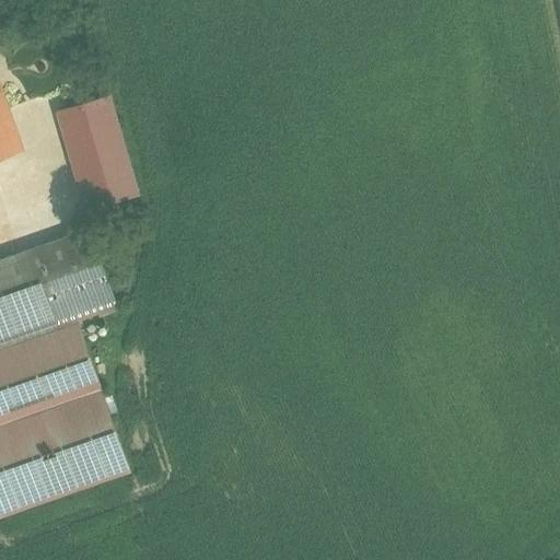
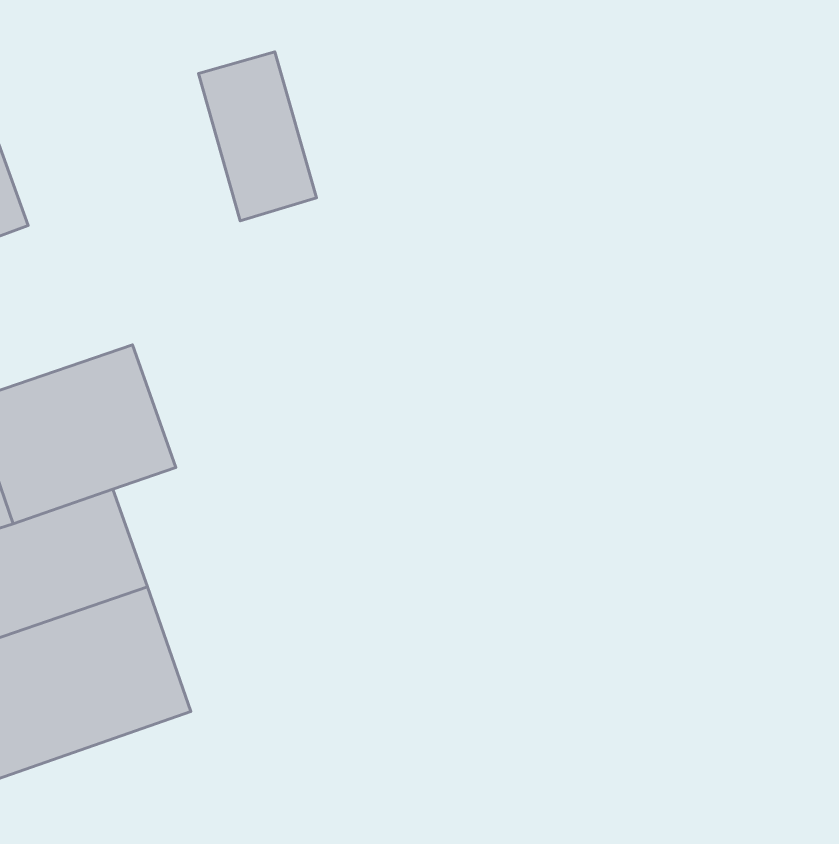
building: [57,97,135,209] -> [199,52,316,221]

